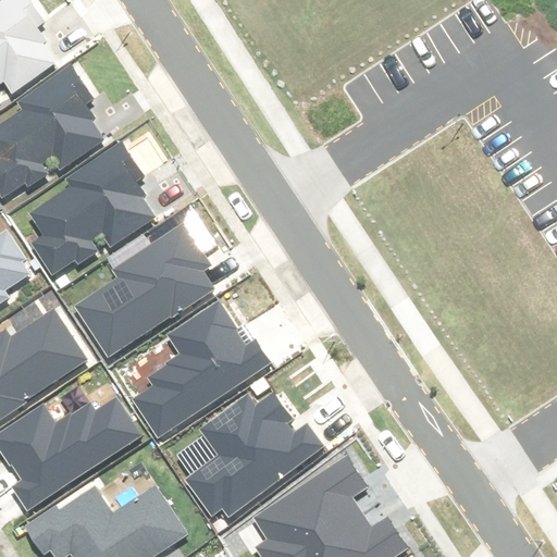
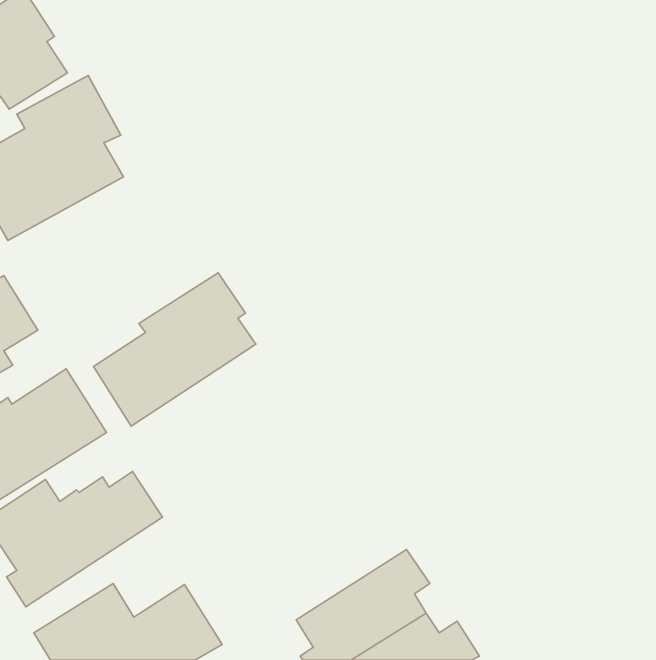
building: [29,143,157,278] -> none
building: [126,298,265,434] -> none
building: [188,396,323,513] -> none

